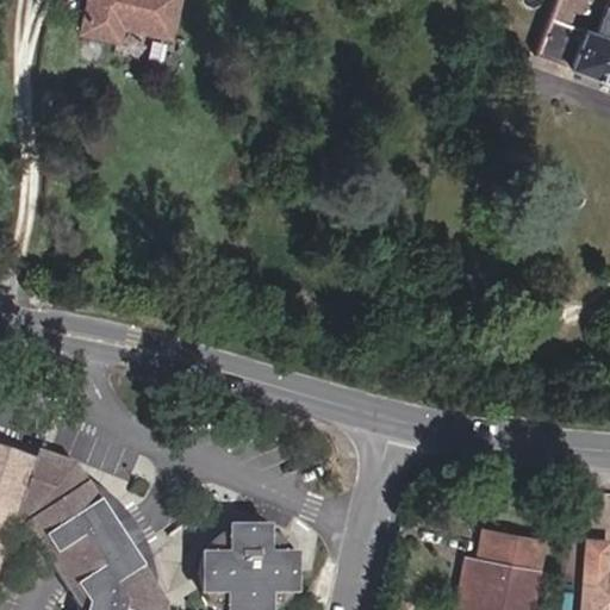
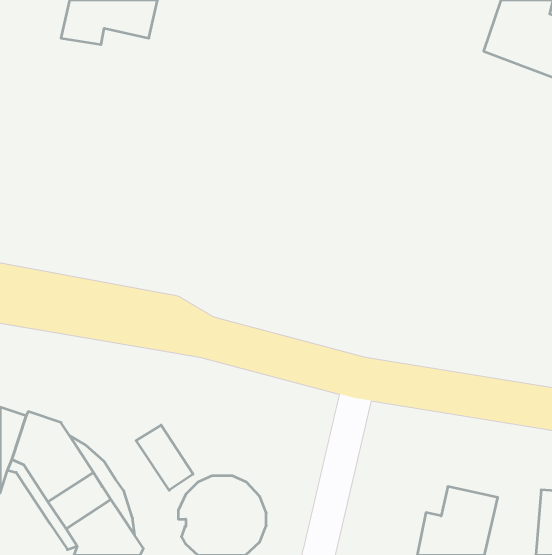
building: none -> [136,425,193,490]

